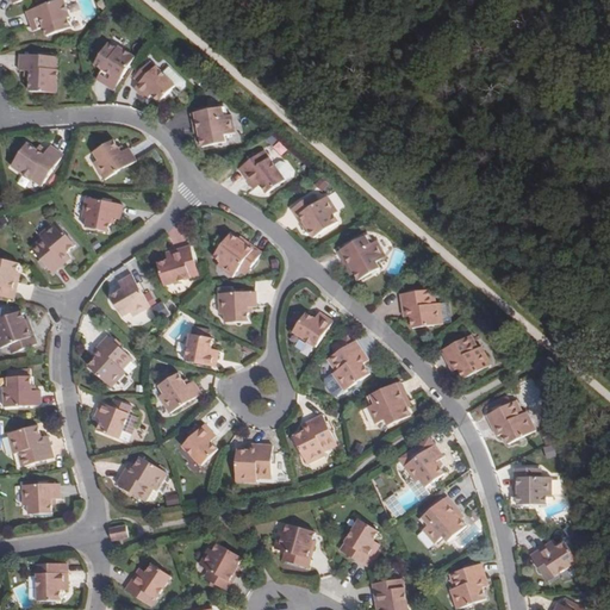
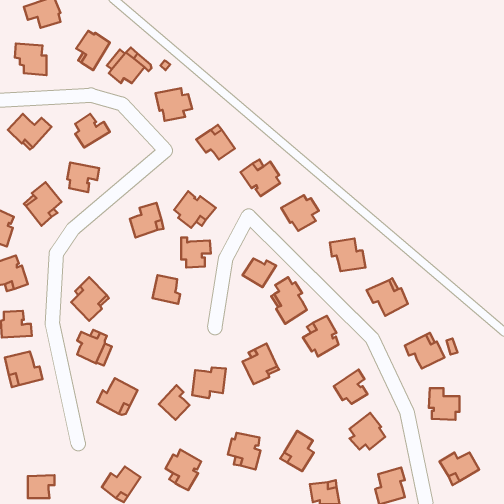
building: [108,273,148,315] -> none
building: [156,372,199,411] -> none
building: [180,423,217,465] -> [159,385,190,420]
building: [19,481,55,513] -> none

